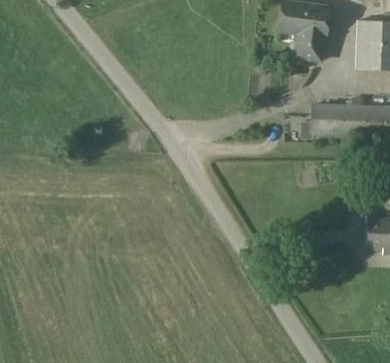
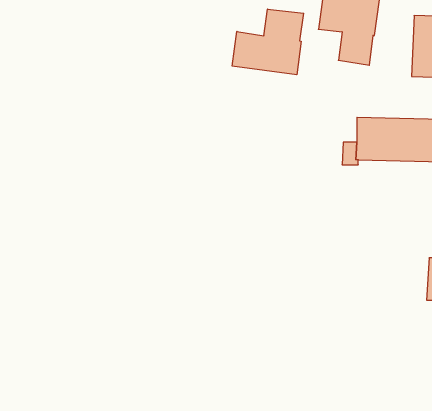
building: none -> [232,9,304,75]

